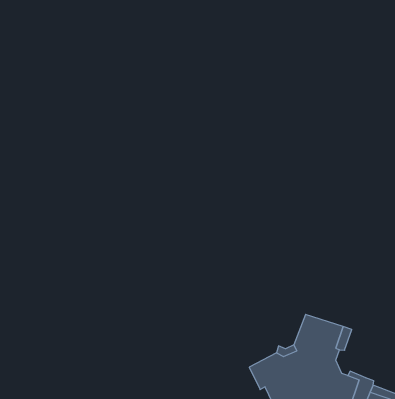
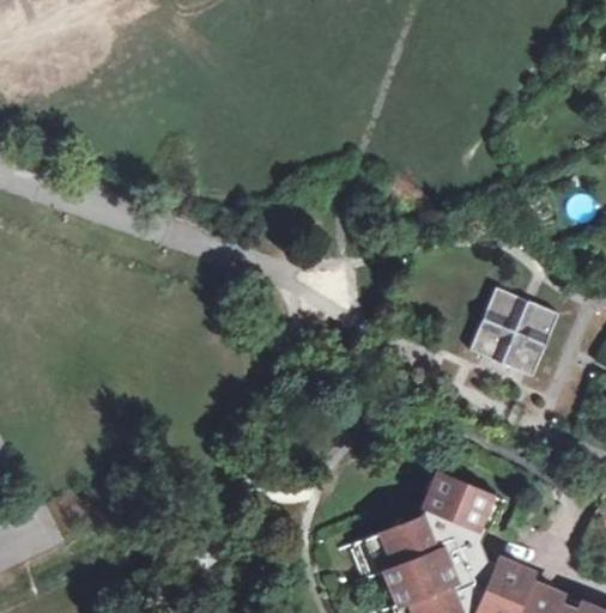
building: none -> [473,286,560,375]

